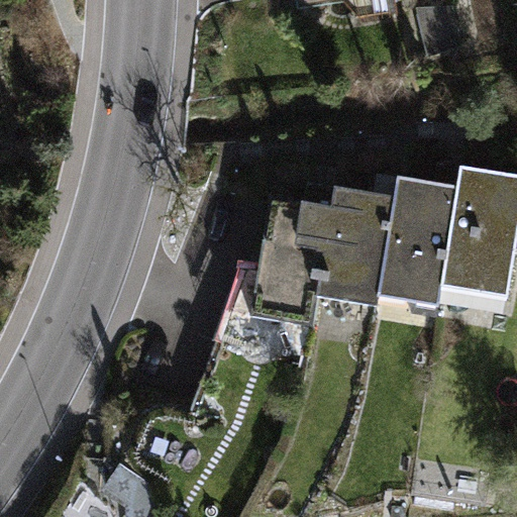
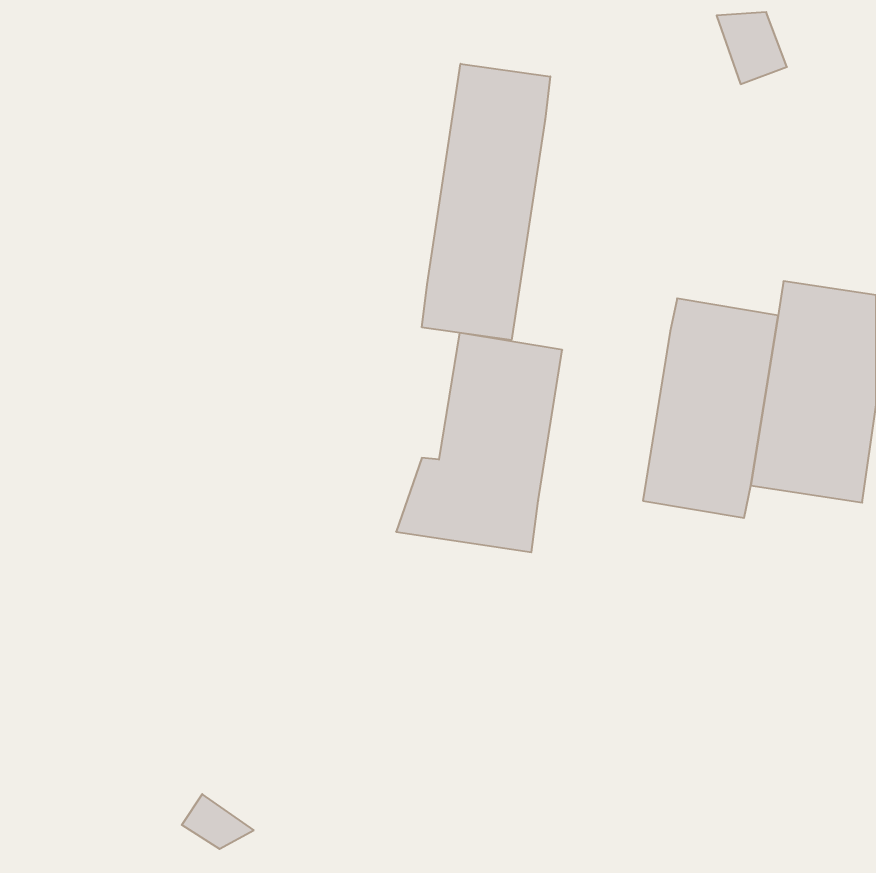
building: none -> [422,64,550,340]
building: [317,185,395,305] -> none

